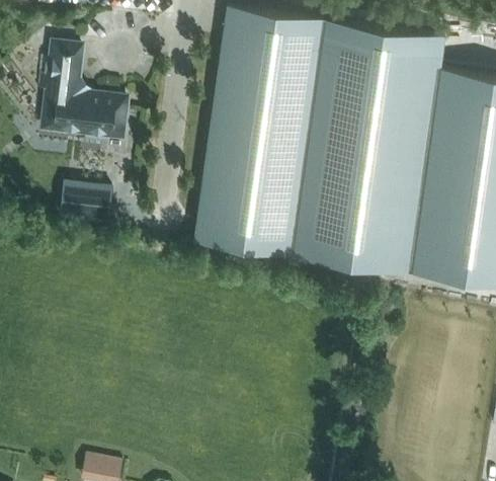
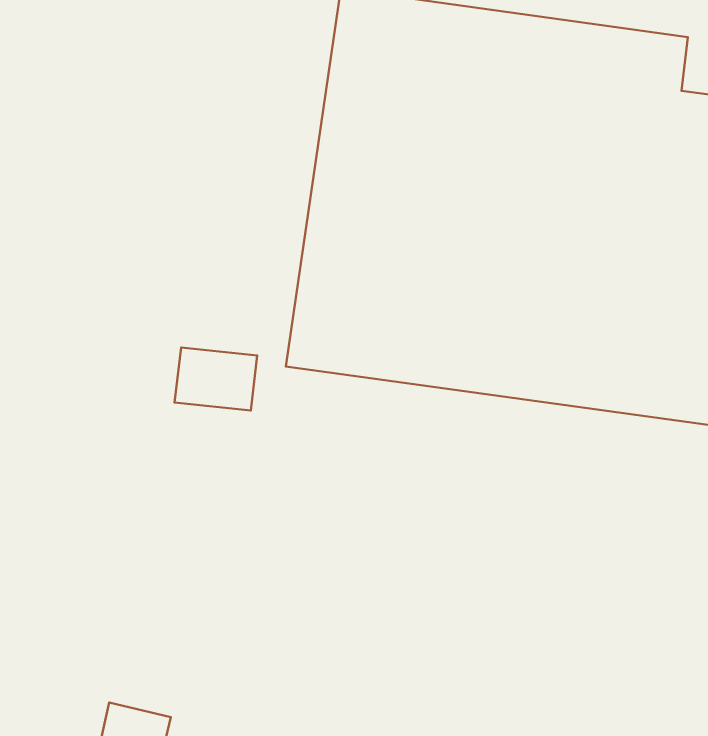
building: [36,48,127,150] -> none
building: [60,185,111,225] -> [175,347,257,411]

